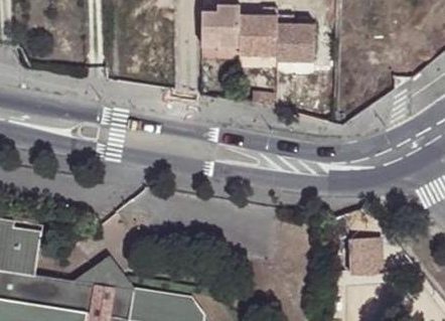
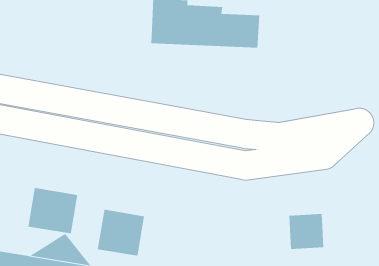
building: none -> [28,187,78,234]
building: none -> [97,209,145,257]

